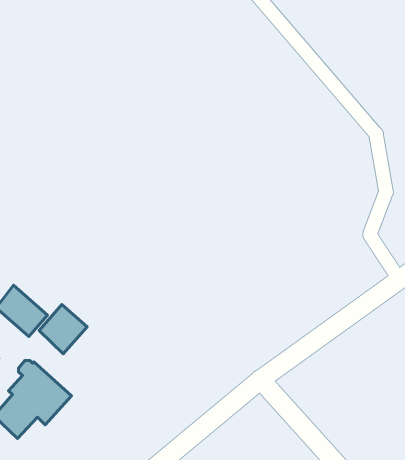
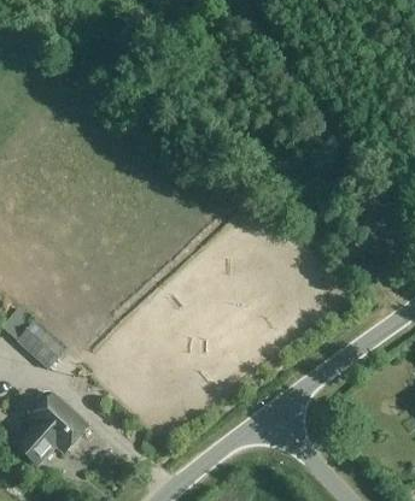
building: [39,305,87,354] -> none

